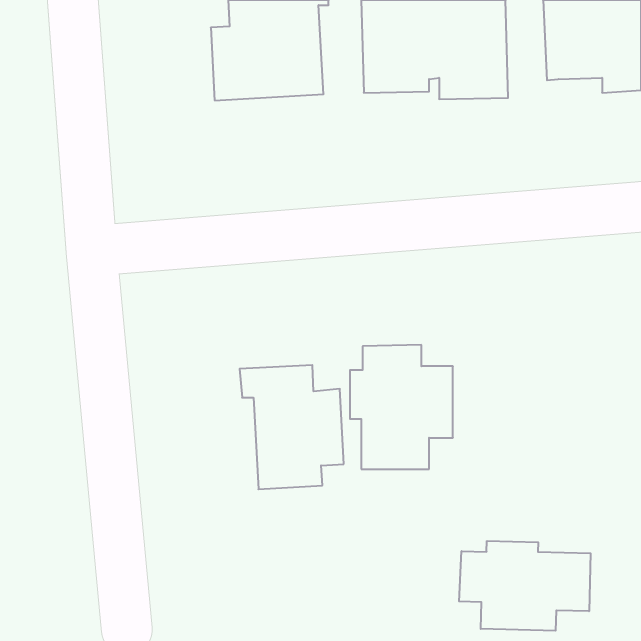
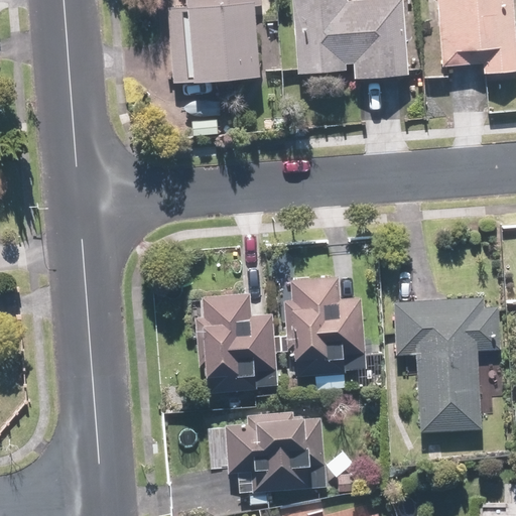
building: none -> [389,266,501,430]
building: none -> [215,412,329,493]
building: [459,541,591,631] -> none

